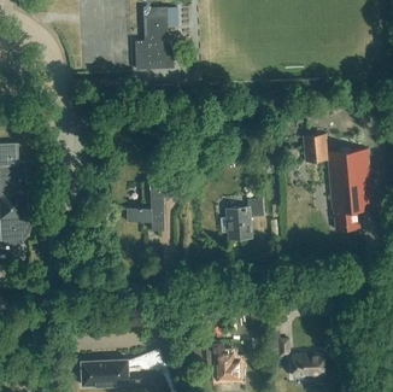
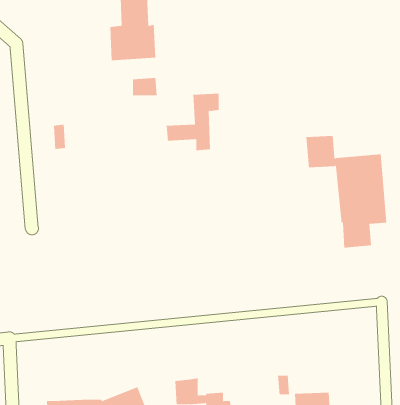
building: [127,181,172,230] -> [166,93,219,151]
building: [221,198,264,239] -> none

